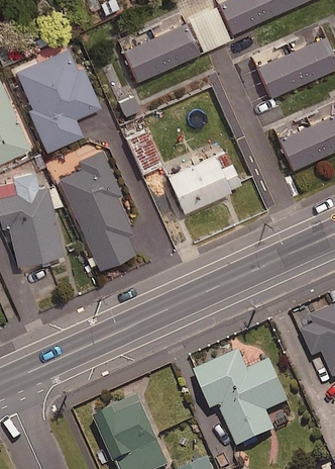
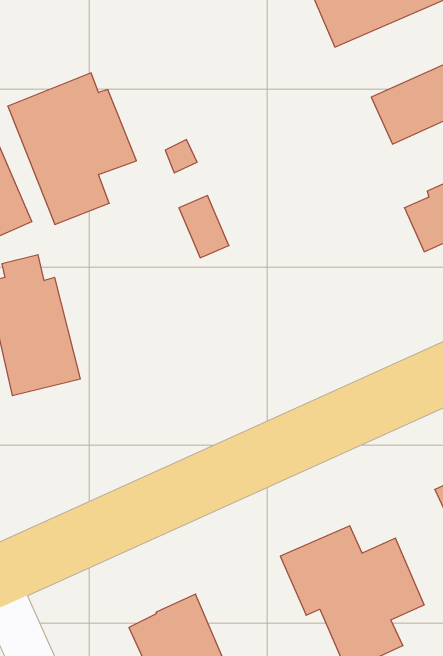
building: [122,23,199,82] -> none
building: [166,148,248,212] -> none
building: [61,151,135,270] -> none

